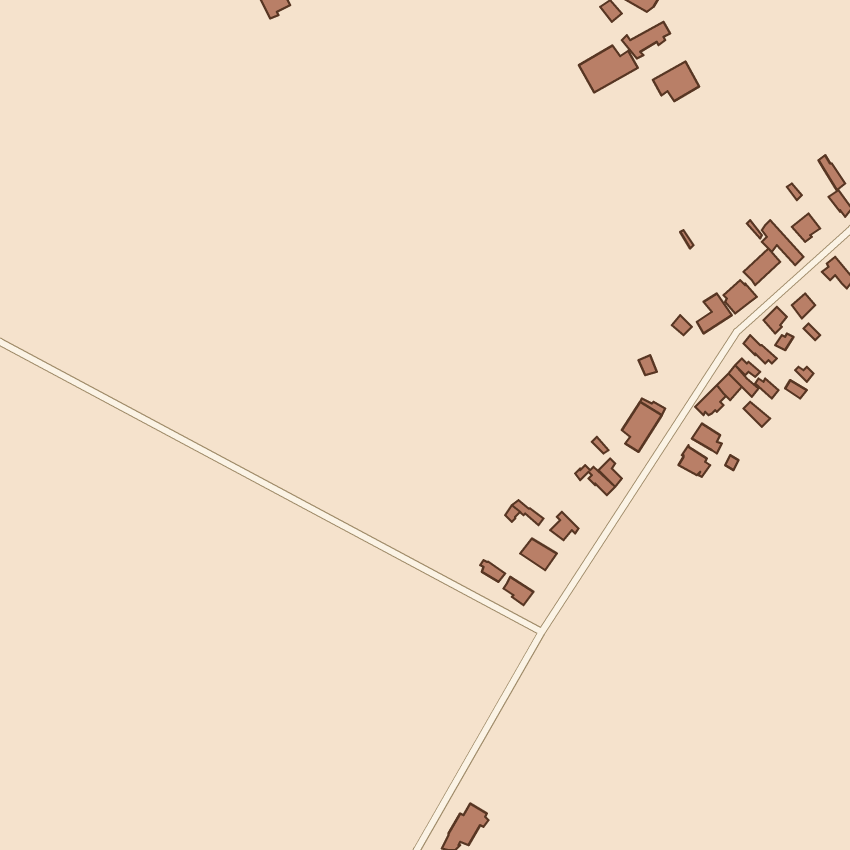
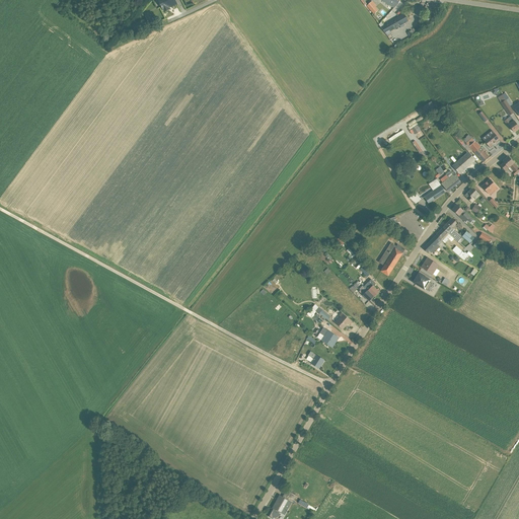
building: [579,45,638,93] -> none
building: [653,61,699,101] -> none

